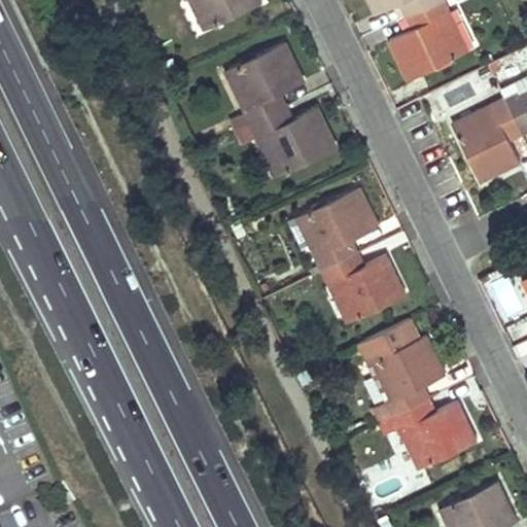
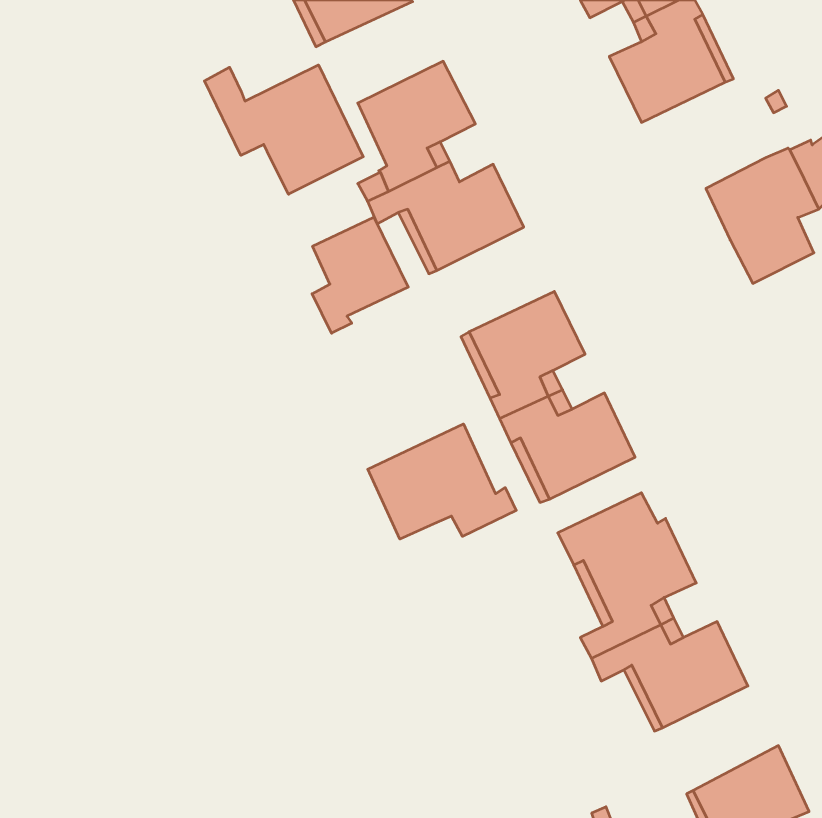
building: none -> [204,65,363,194]
building: none -> [312,217,408,333]
building: none -> [368,424,516,539]

